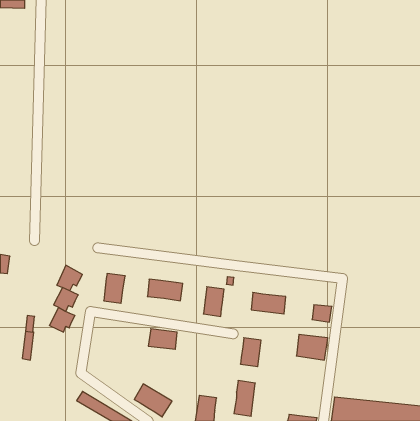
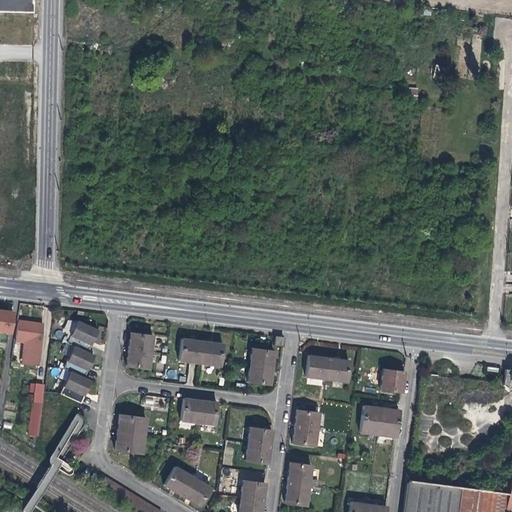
building: none -> [17,321,44,365]
building: none -> [115,415,146,453]
building: none -> [245,427,271,462]

